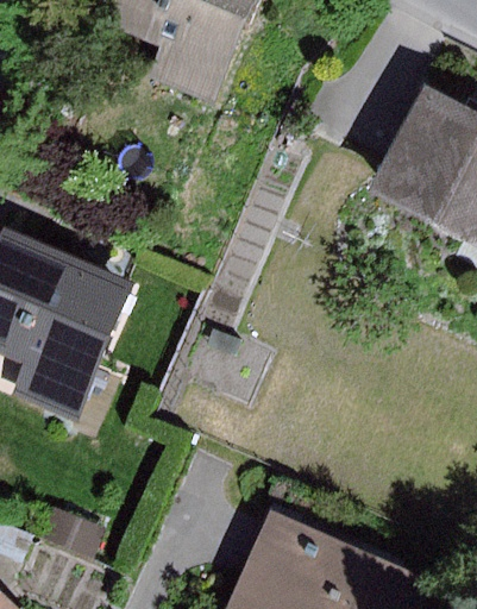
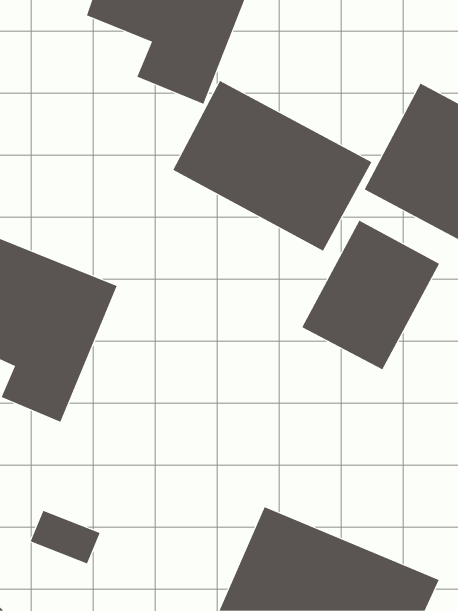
building: none -> [173,80,372,251]
building: none -> [301,220,440,370]

